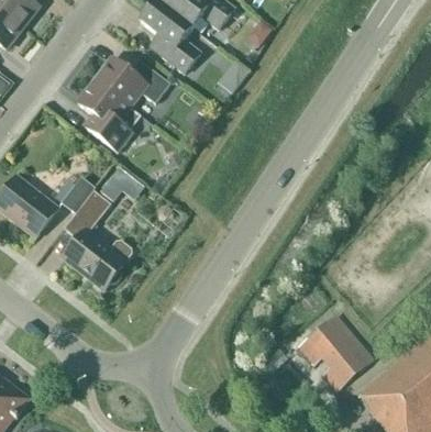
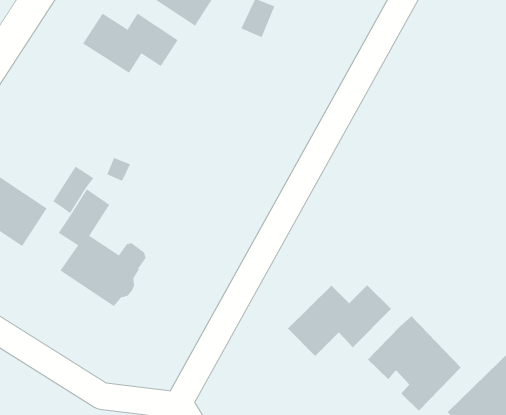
building: [77,80,141,152] -> none
building: none -> [287,285,392,357]

